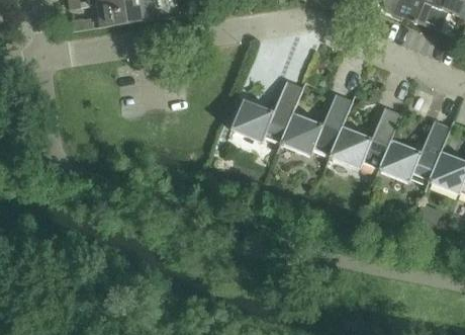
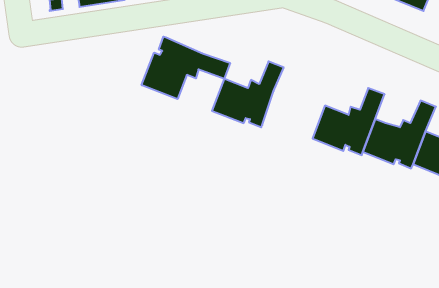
building: none -> [142,37,230,99]
building: [281,93,352,159] -> none

